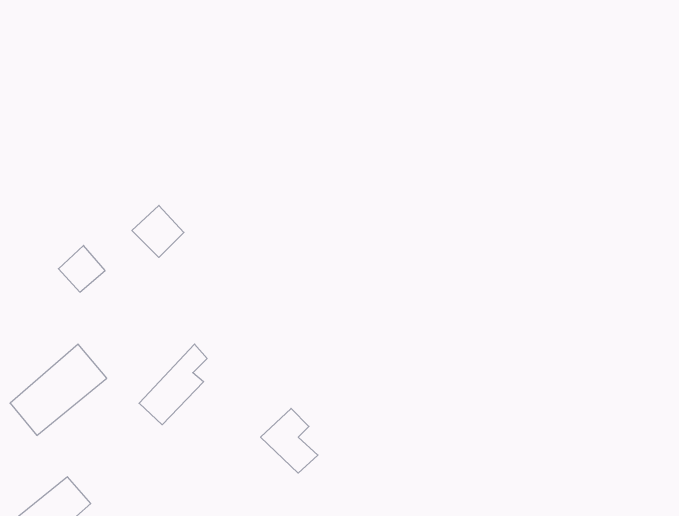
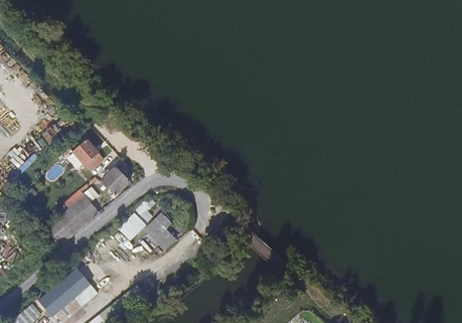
building: [132,205,184,257] -> [100,167,129,196]
building: [261,408,318,473] -> [144,213,176,250]

